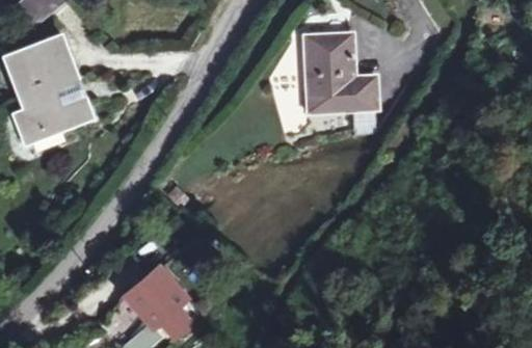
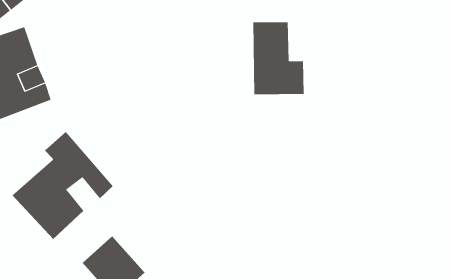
building: none -> [12,131,113,240]

